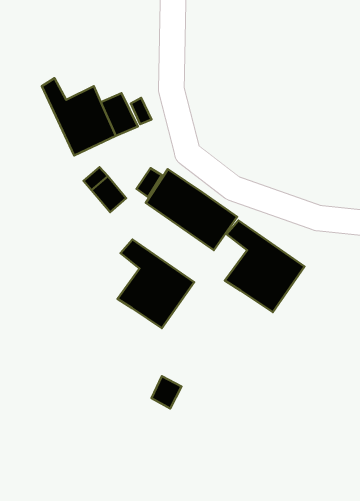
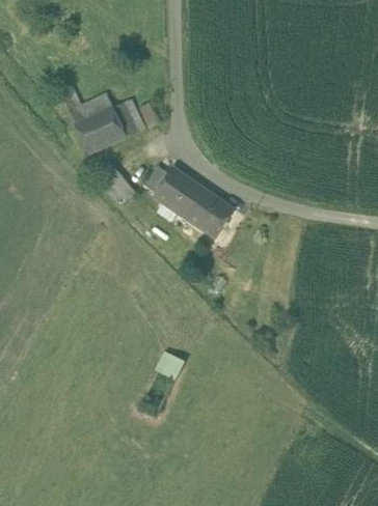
building: [225,220,305,312] -> none
building: [117,239,194,328] -> none

